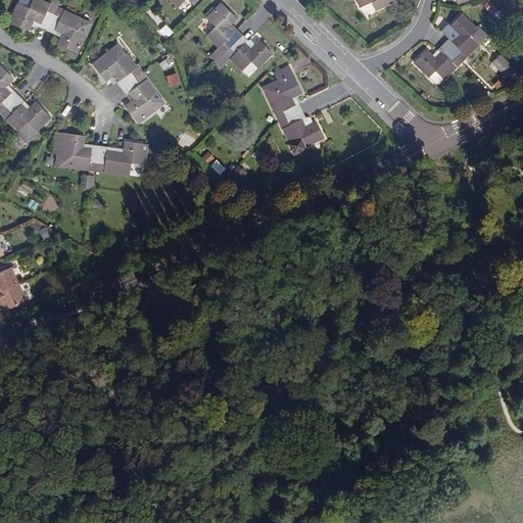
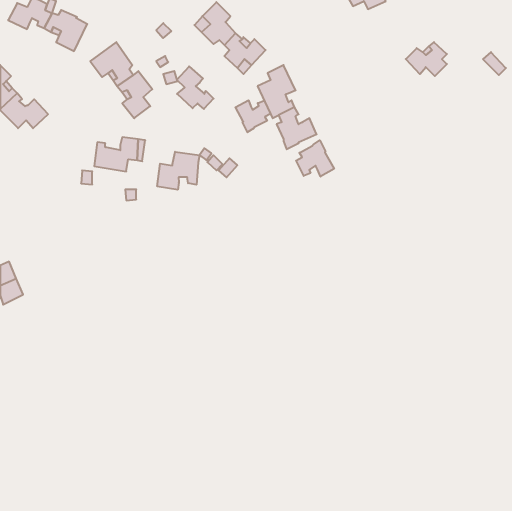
building: [442,13,478,55] -> none
building: none -> [177,66,214,109]
building: none -> [235,100,270,132]
building: [54,131,99,170] -> none
building: none -> [296,140,334,177]
building: none -> [157,152,199,190]

